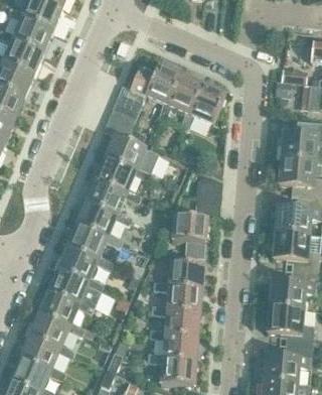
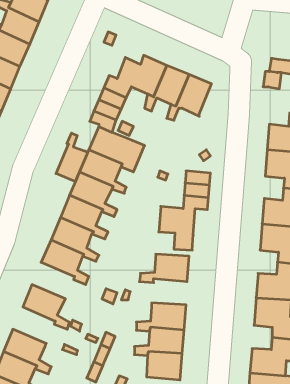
building: none -> [56,133,88,182]
building: [46,269,100,312] -> none
building: [151,285,200,313] -> none
building: [27,313,74,358] -> none

